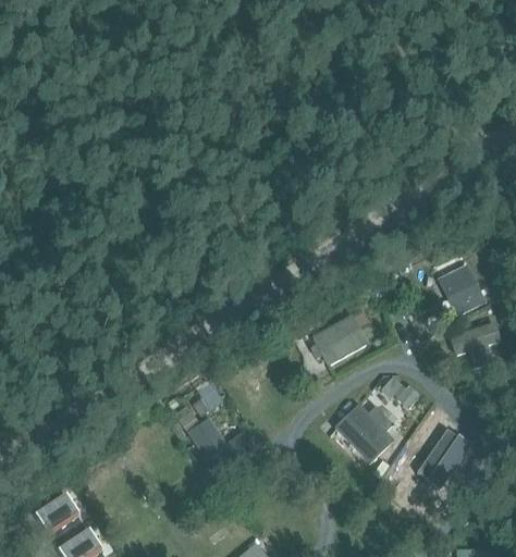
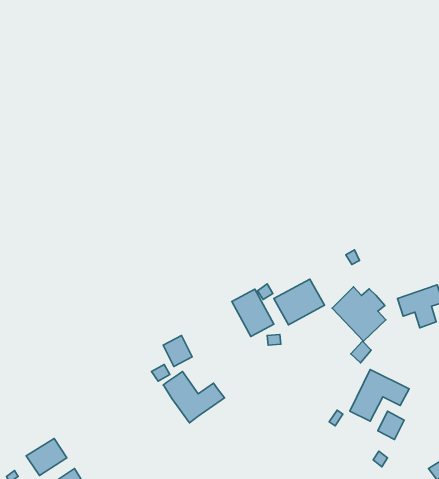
building: [442,264,483,314] -> none
building: none -> [232,289,274,336]
building: [335,404,395,465] -> [332,287,386,341]

